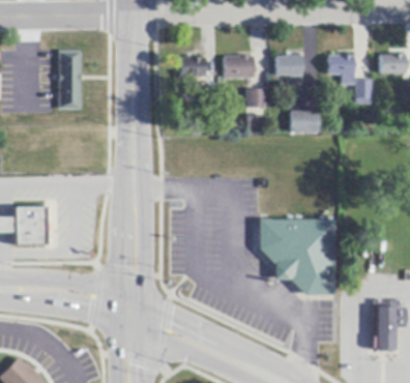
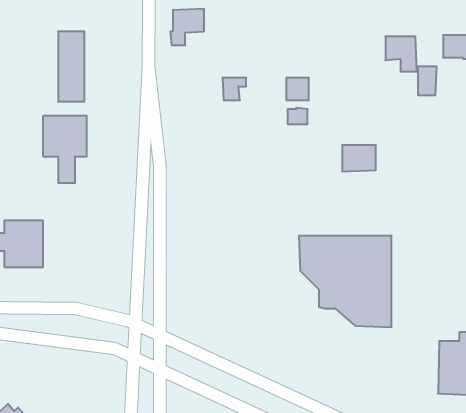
building: [276,55,302,76] -> none
building: [225,56,254,78] -> none
building: [178,57,206,87] -> [170,9,204,45]
building: [291,111,319,132] -> [342,145,376,171]
building: none -> [43,116,87,183]

